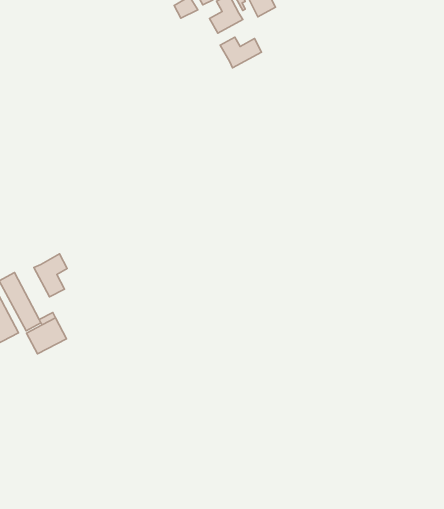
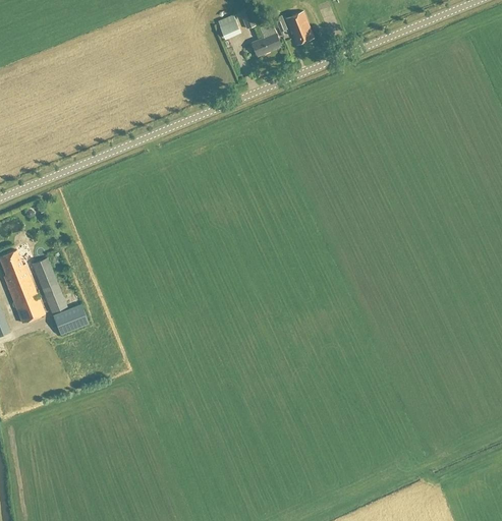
building: [220,37,262,68] -> none
building: [34,254,67,297] -> none

